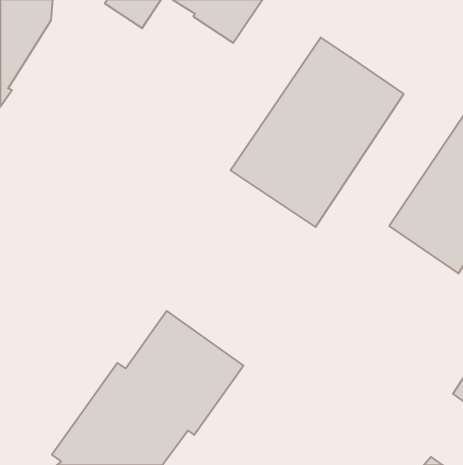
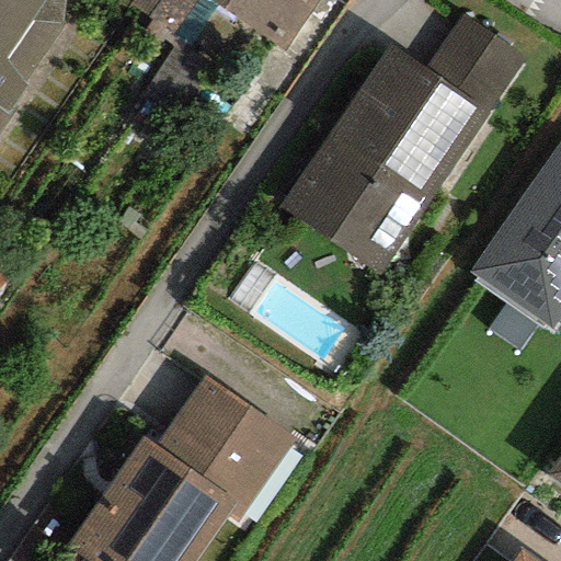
building: none -> [425,14,527,113]

